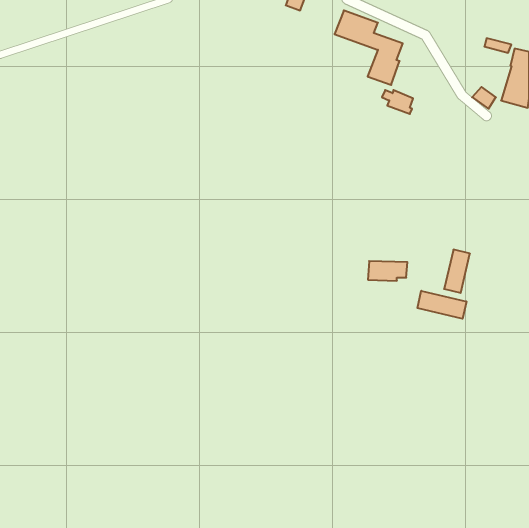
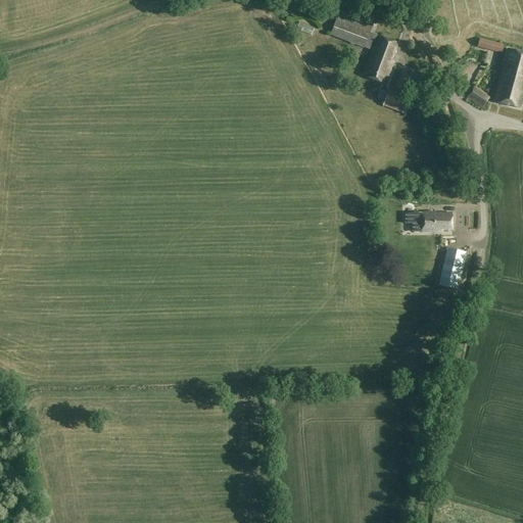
building: [368,261,407,281] -> [414,212,453,232]
building: [417,291,466,319] -> none

